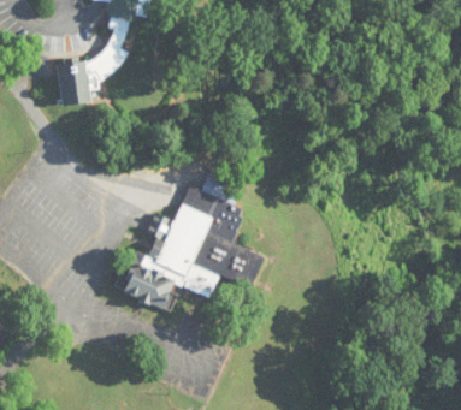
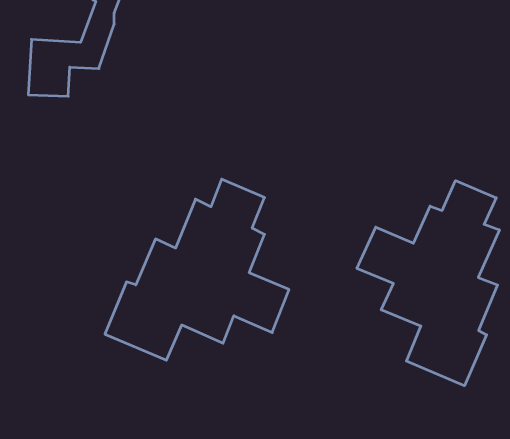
building: none -> [357,181,499,386]

